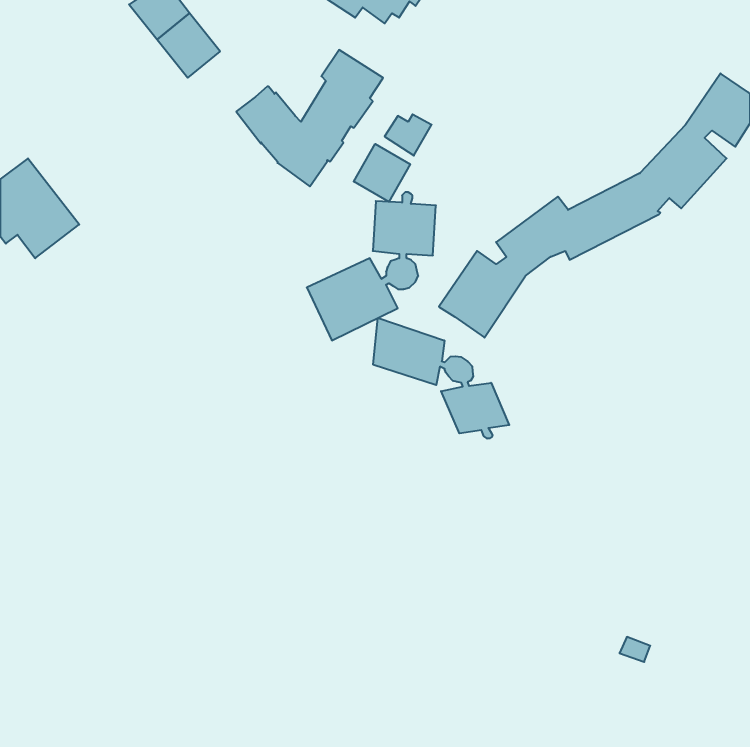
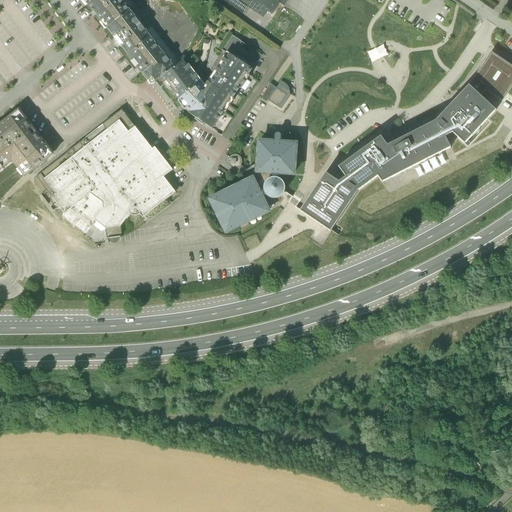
building: none -> [128,35,174,82]
building: [354,144,410,202] -> none
building: none -> [36,108,180,241]
building: [373,318,509,439] -> none

